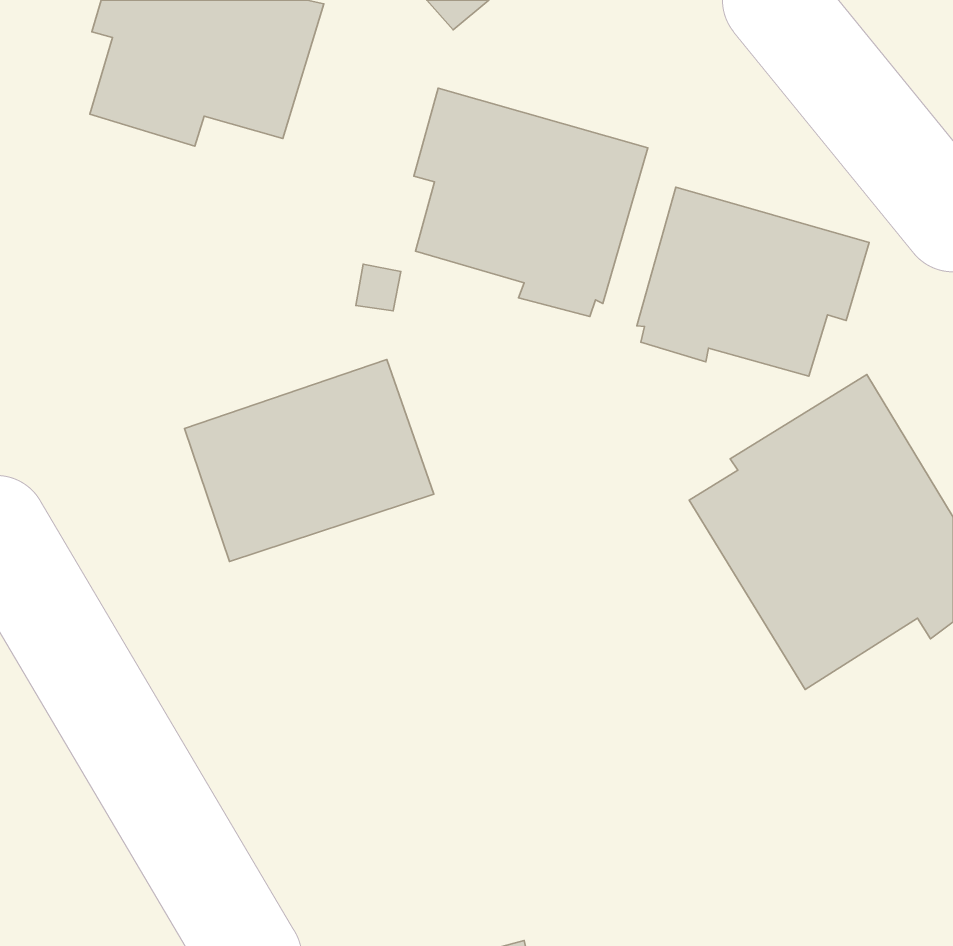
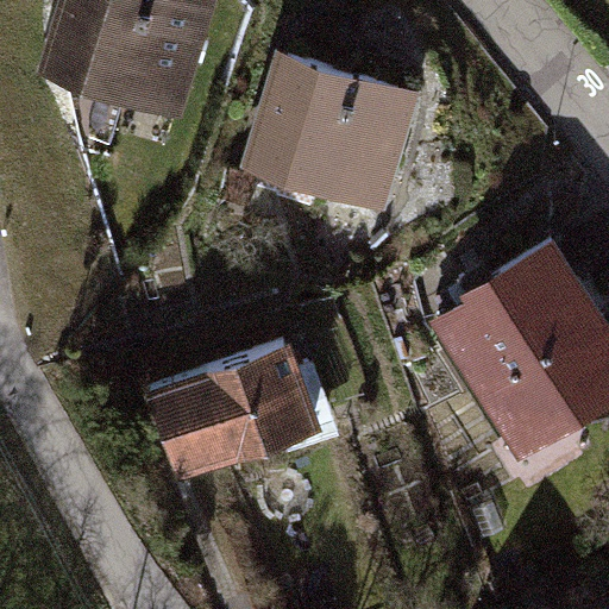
building: [637,187,869,376] -> none
building: [185,359,434,562] -> [158,347,316,476]

